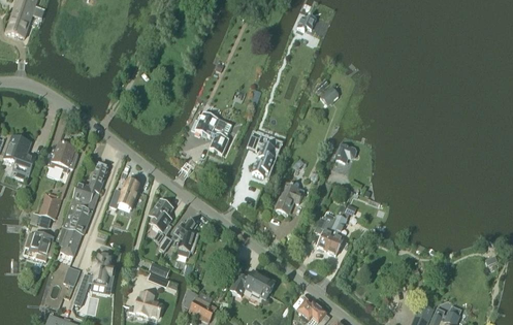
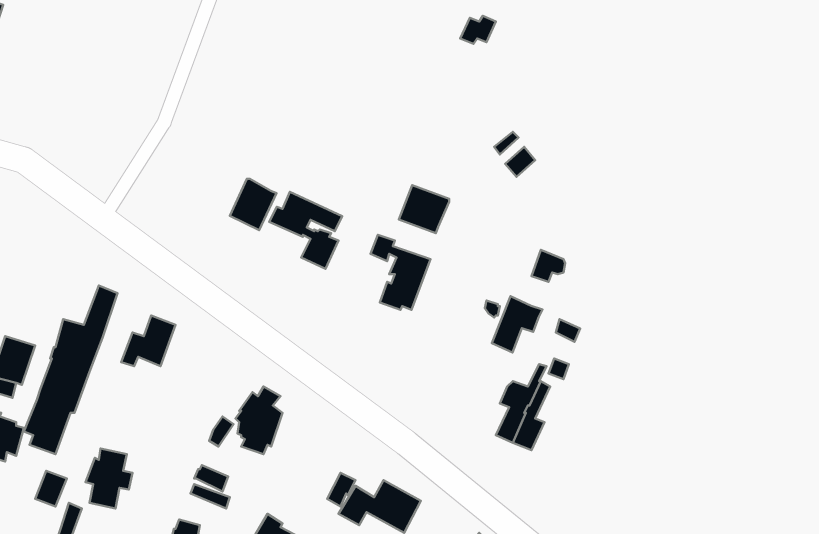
building: none -> [230,179,276,230]
building: none -> [399,185,449,233]
building: [50,141,77,171] -> none
building: [276,183,303,214] -> [492,296,542,352]
building: [149,199,172,233] -> none

